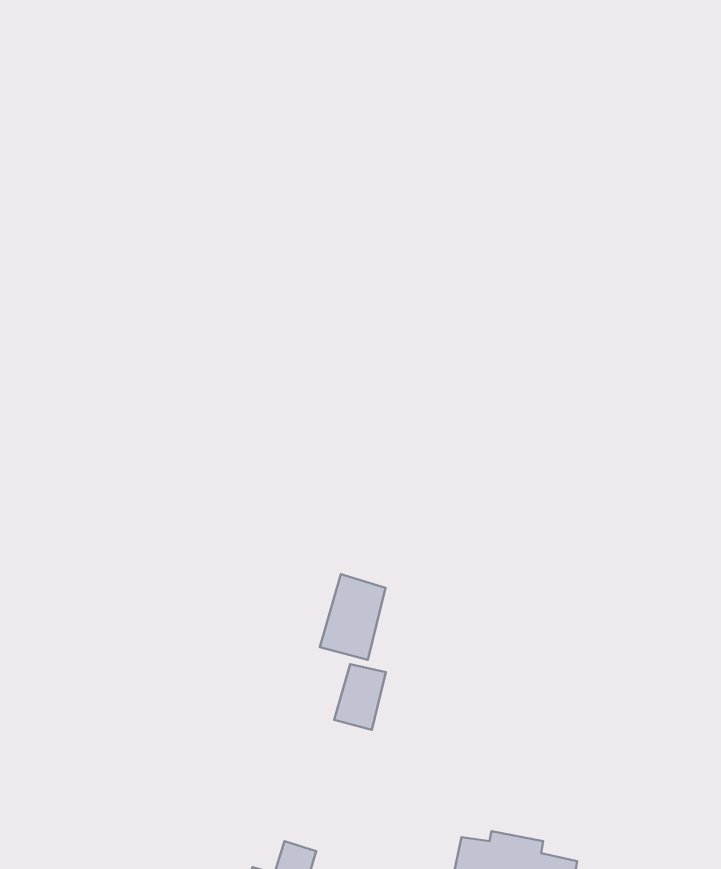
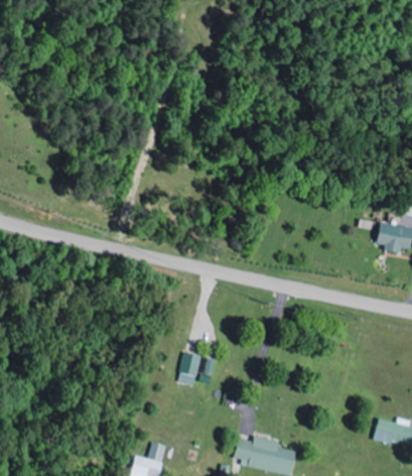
building: [320,574,385,660] -> none

